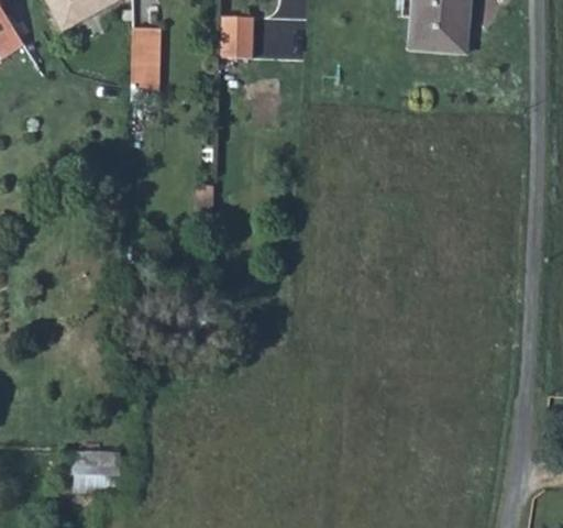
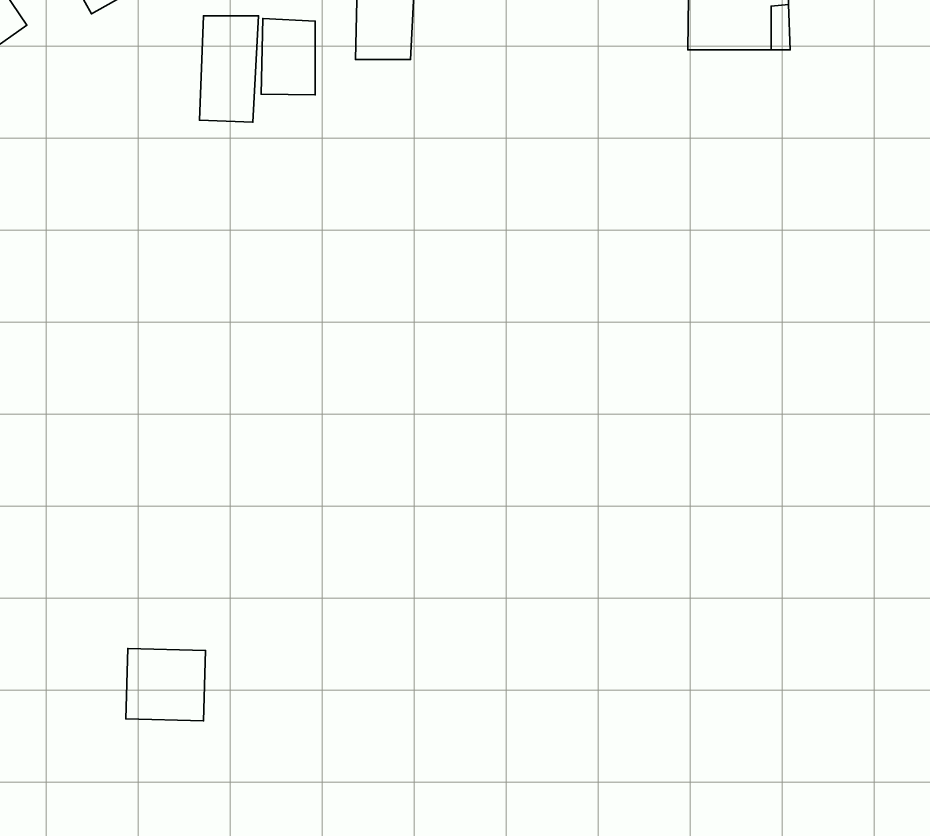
building: none -> [261,18,315,95]
building: [73,448,119,490] -> [126,649,206,721]

